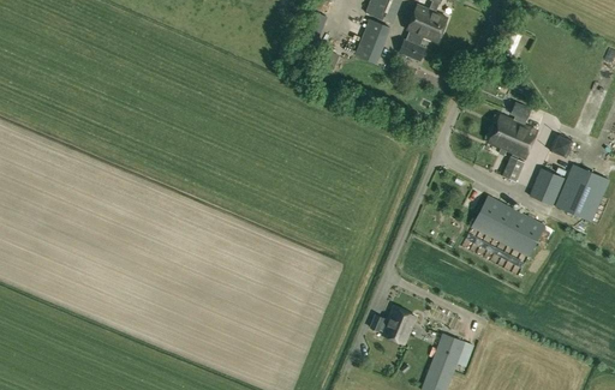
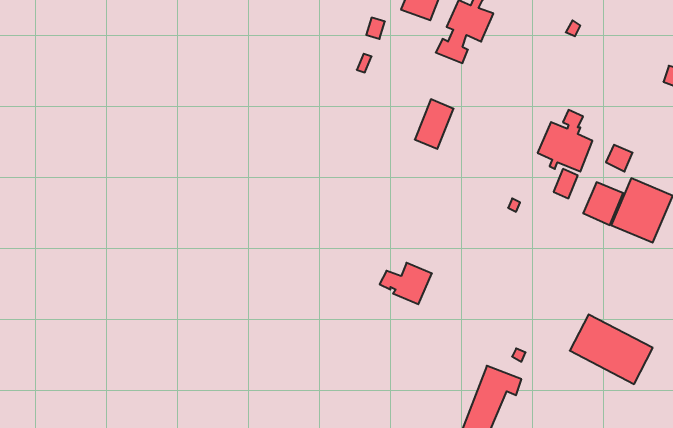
building: [354,19,389,64] -> [415,99,454,149]
building: [471,194,545,257] -> [570,314,653,384]
building: [369,307,416,344] -> [380,263,432,304]

